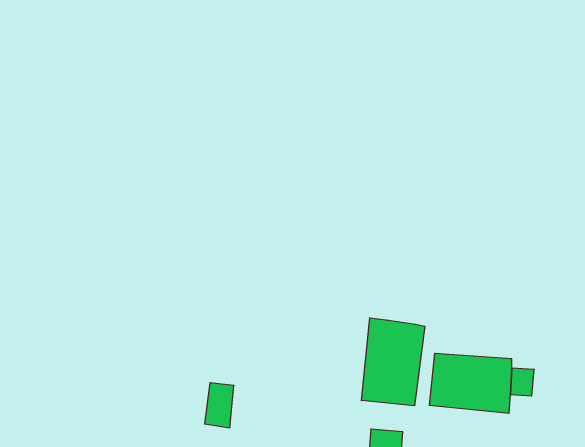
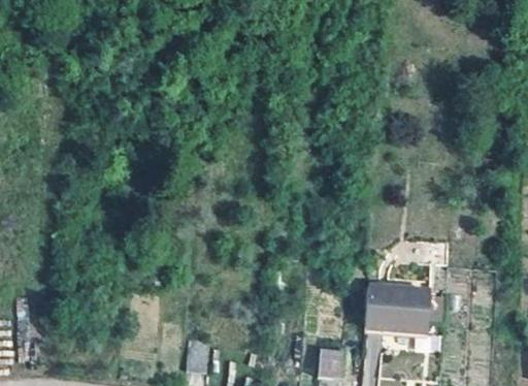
building: [361,318,425,406] -> none

